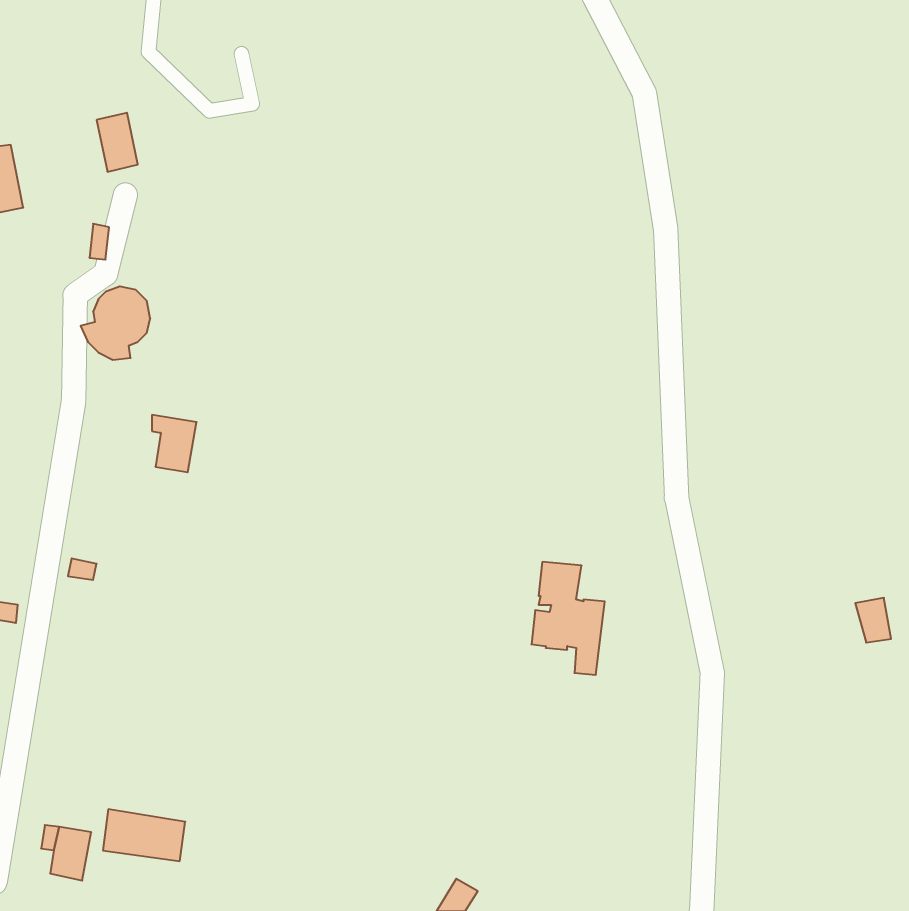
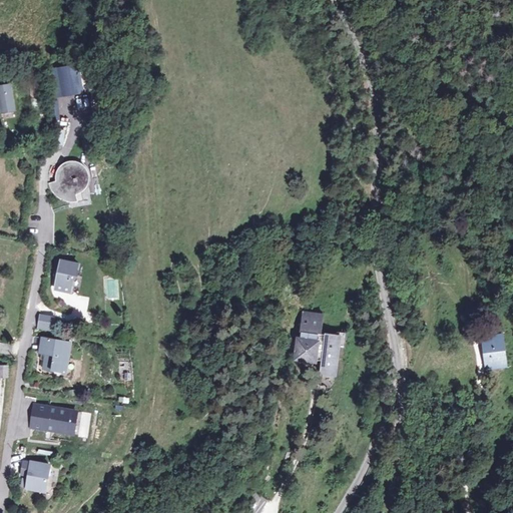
building: [152,415,197,472] -> [49,258,74,290]
building: none -> [37,337,72,372]
building: [103,809,185,861] -> [31,404,77,433]

